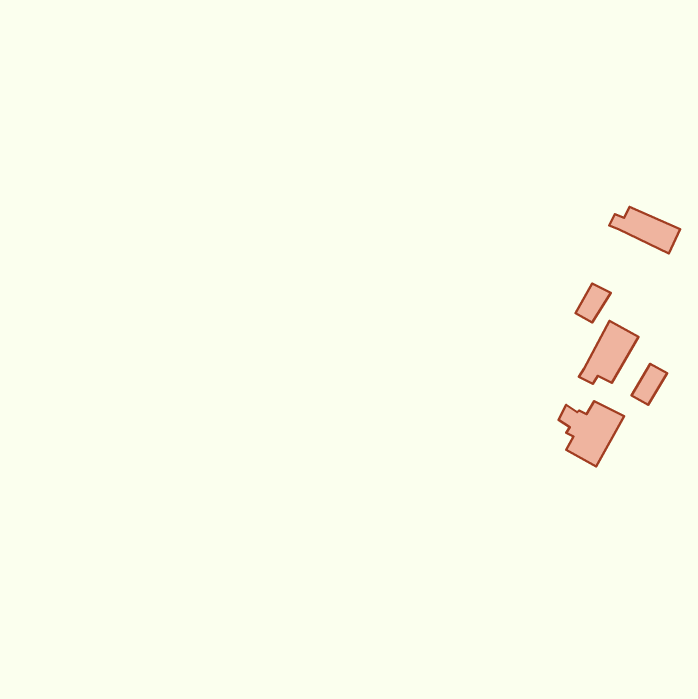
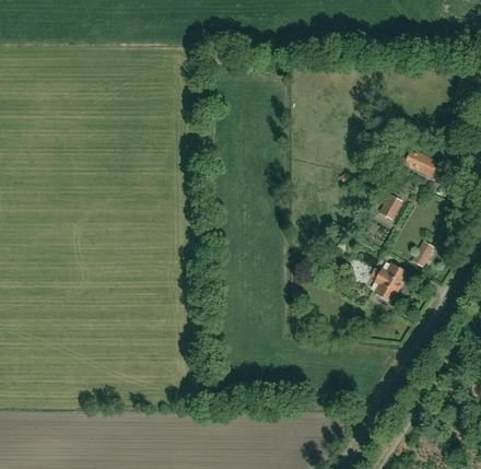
building: [579,321,638,384] -> none

